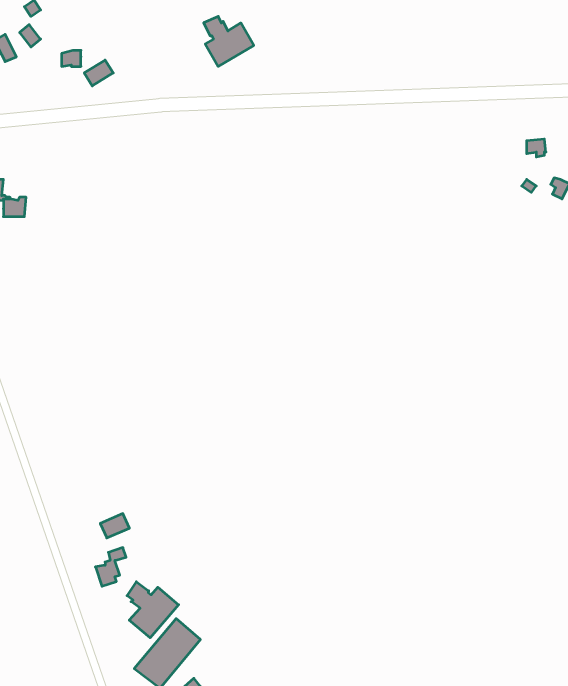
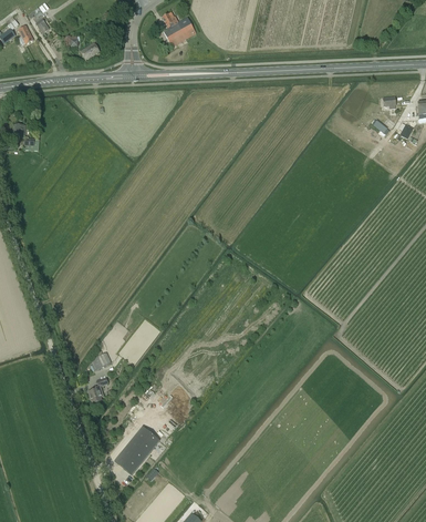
building: [127,582,179,638] -> none

